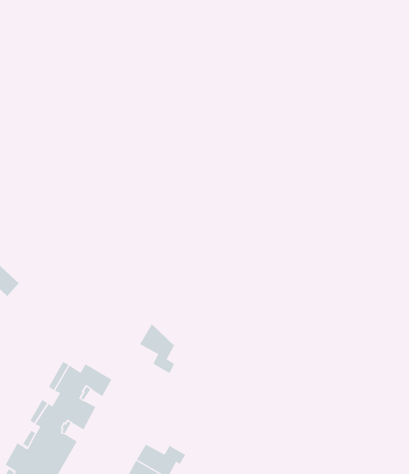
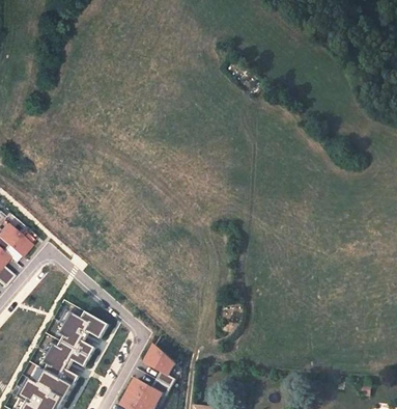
building: [139,323,175,374] -> [144,345,174,387]

